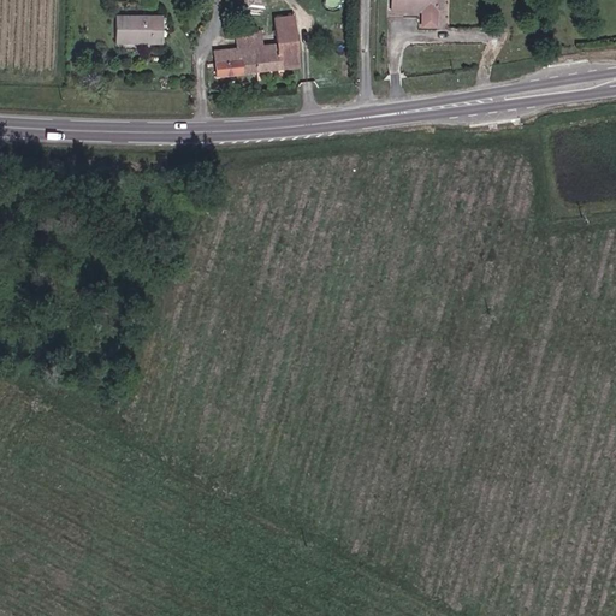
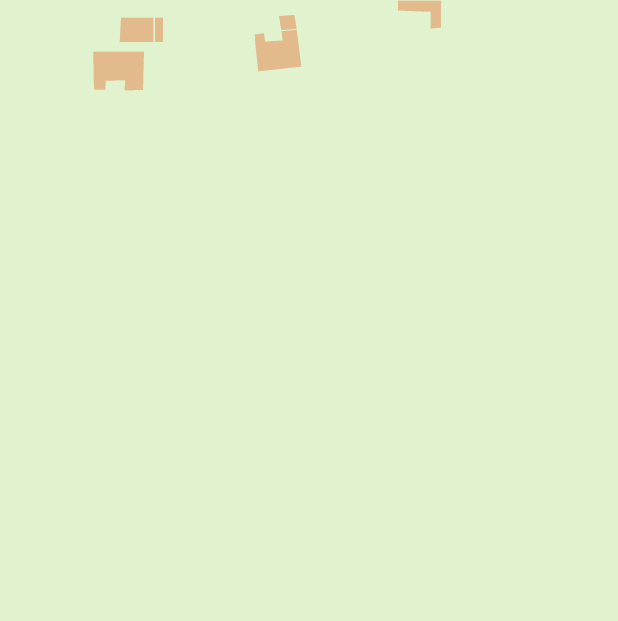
building: [217,47,255,76] -> none
building: none -> [93,51,145,91]

